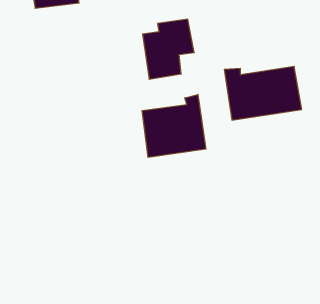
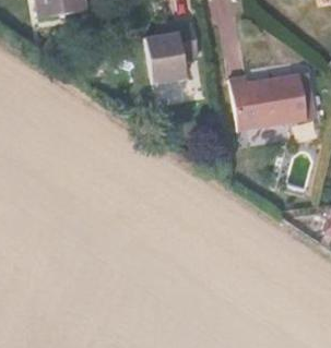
building: [142,94,206,157] -> none

